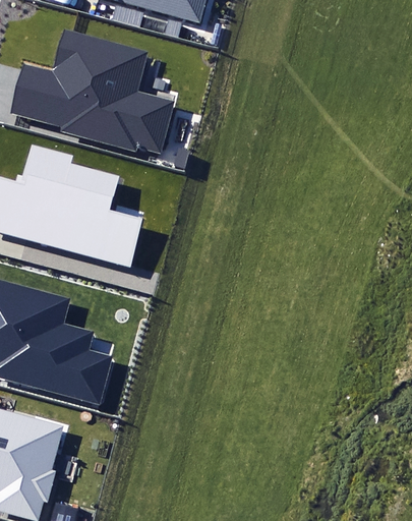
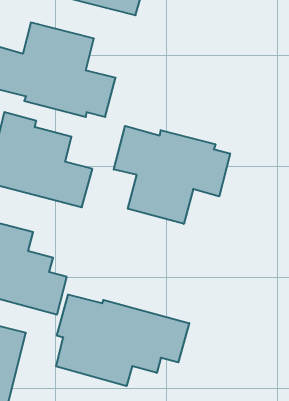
building: none -> [114,126,230,224]
building: none -> [56,294,189,386]

